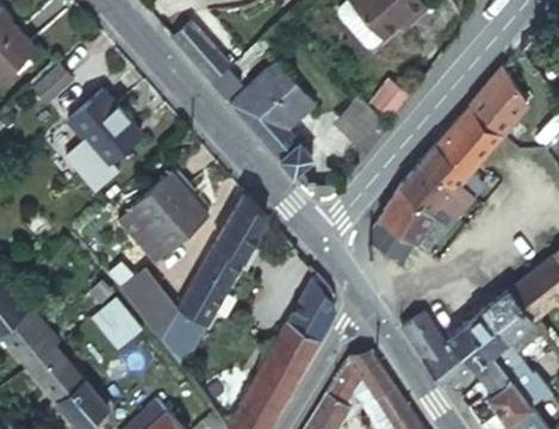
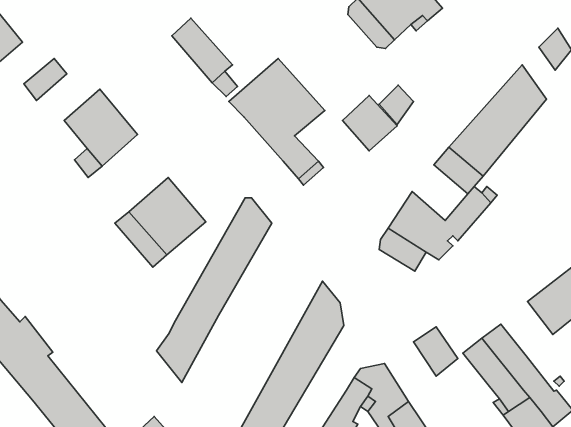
building: [400,162,453,214] -> none
building: [123,269,176,337] -> none
building: [484,291,533,342] -> none
building: [82,294,137,348] -> none
building: [420,340,472,392] -> none

